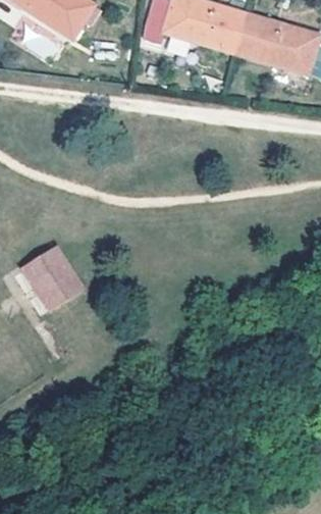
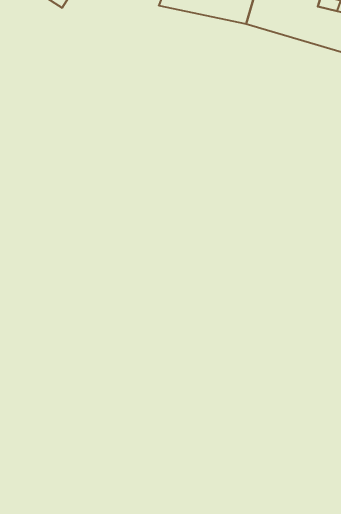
building: [21,246,78,305] -> none

